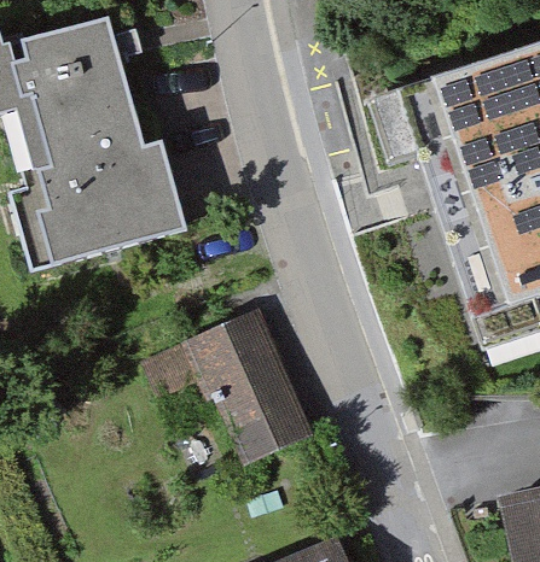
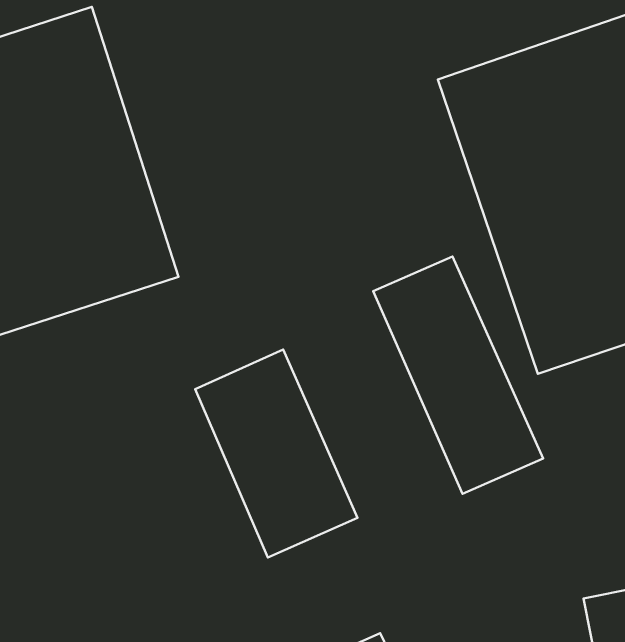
building: none -> [373,257,543,494]

